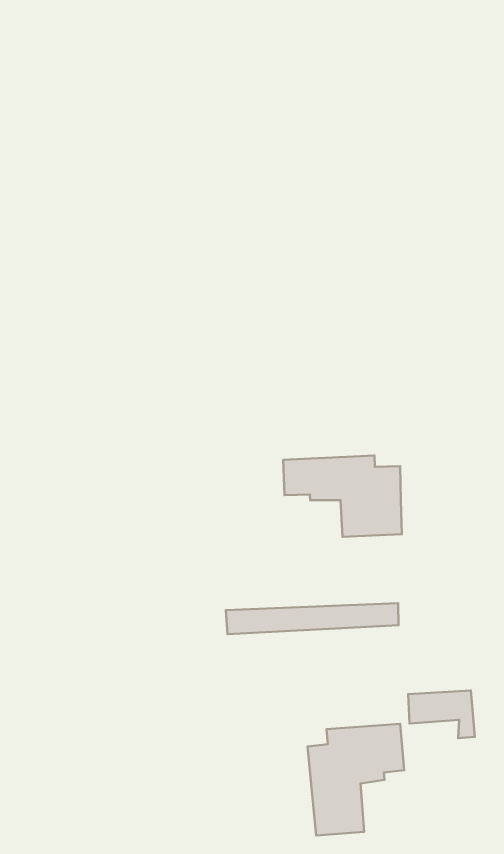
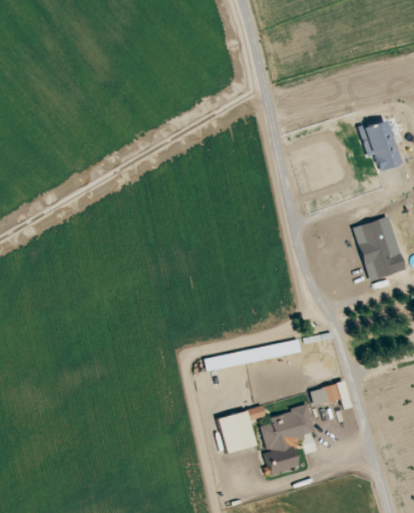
building: [283,455,402,537] -> none
building: none -> [219,406,267,452]

